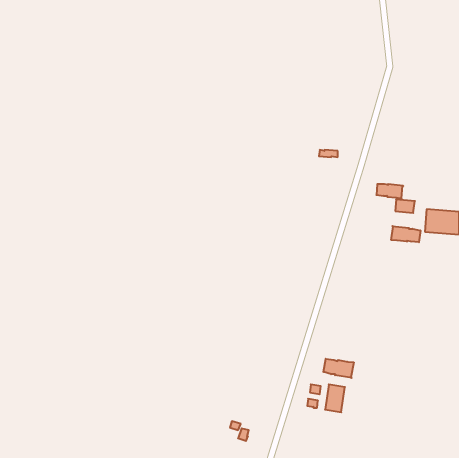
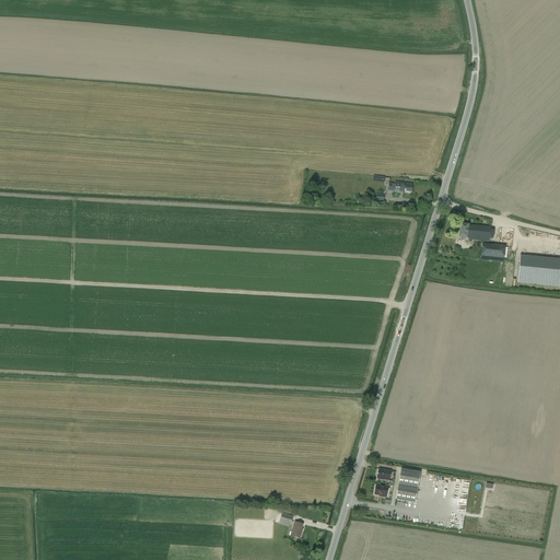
building: [391,226,420,242] -> none
building: [323,359,354,378] -> none

